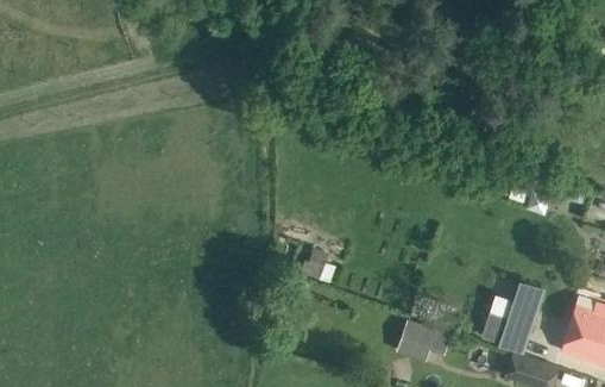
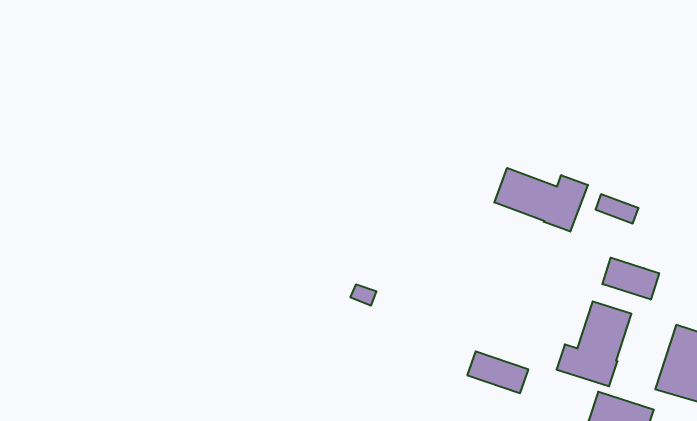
building: none -> [494,168,588,232]
building: none -> [602,258,659,300]

